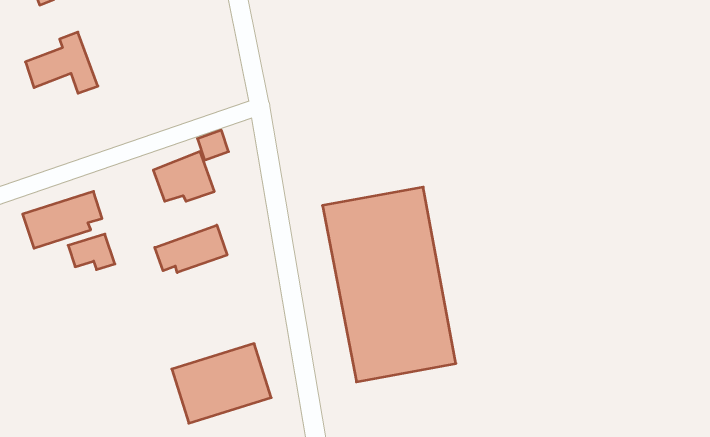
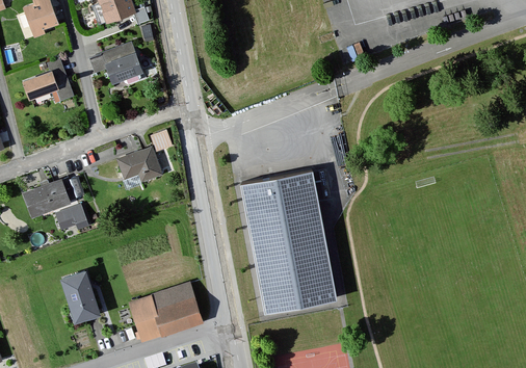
building: none -> [87,43,142,80]
building: [155,225,227,273] -> none
building: none -> [60,271,101,323]

